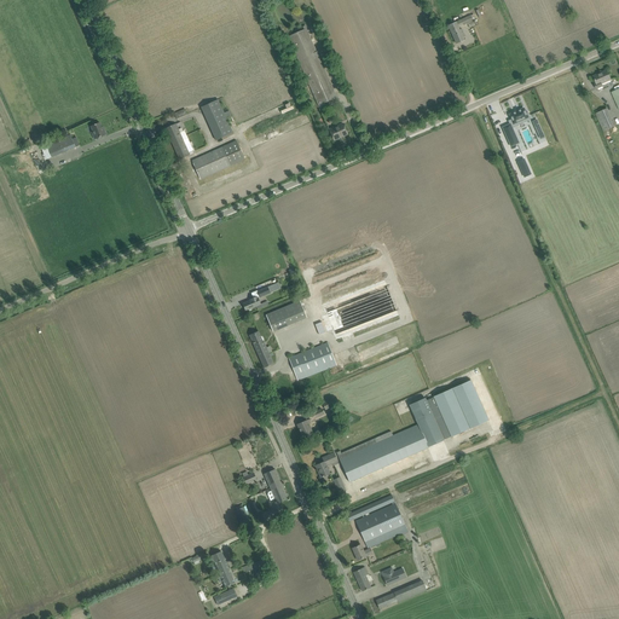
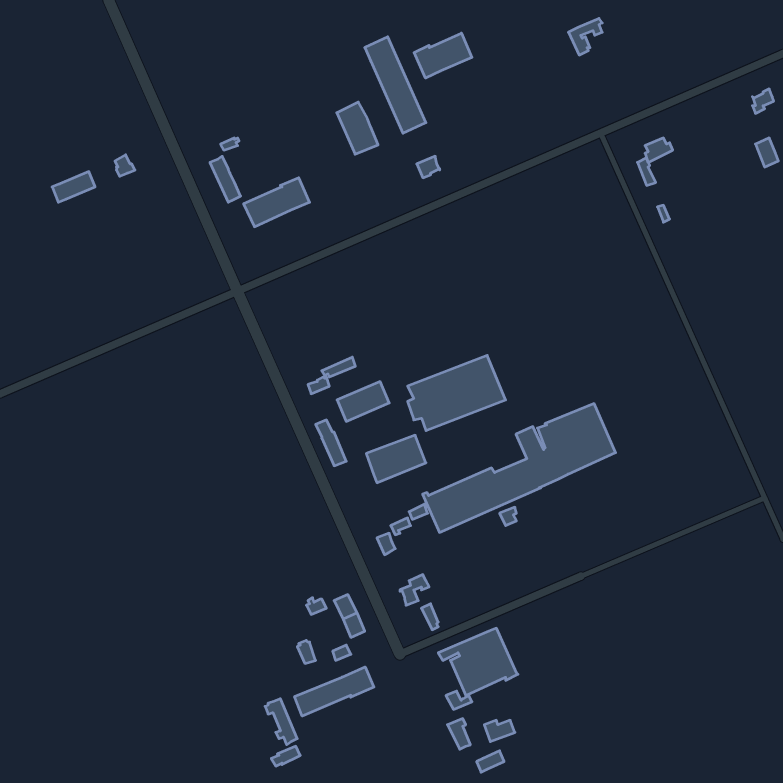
building: none -> [414,33,472,78]
building: [201,99,233,140] -> [337,102,378,154]
building: [336,381,488,482] -> [423,404,616,532]
building: none -> [295,667,374,716]

